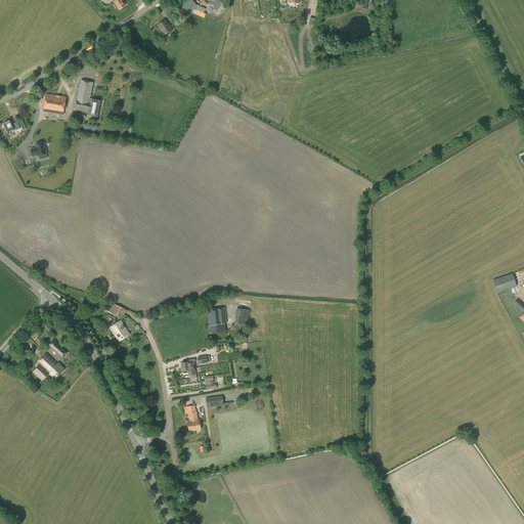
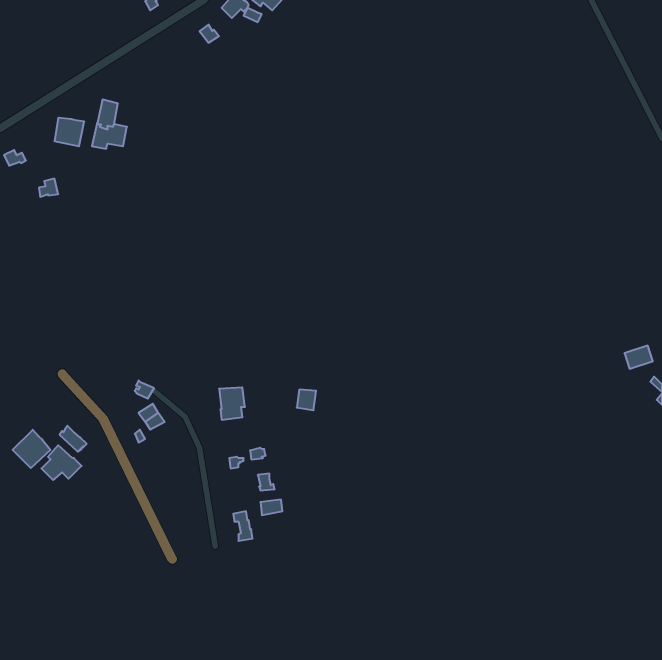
building: [207,307,227,333] -> [219,387,245,420]
building: none -> [13,430,50,468]

